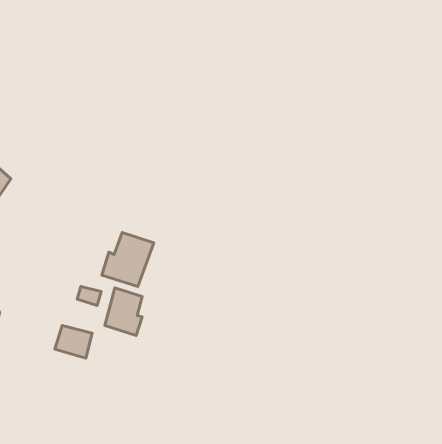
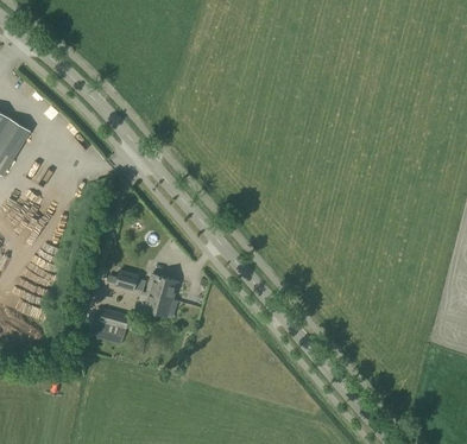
building: [102,233,154,286] -> none

